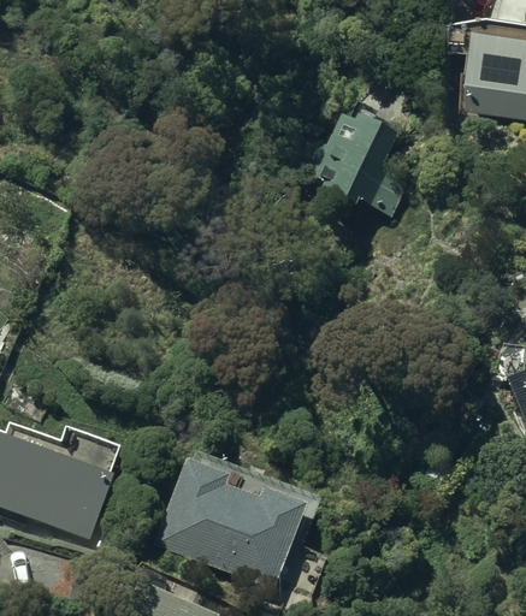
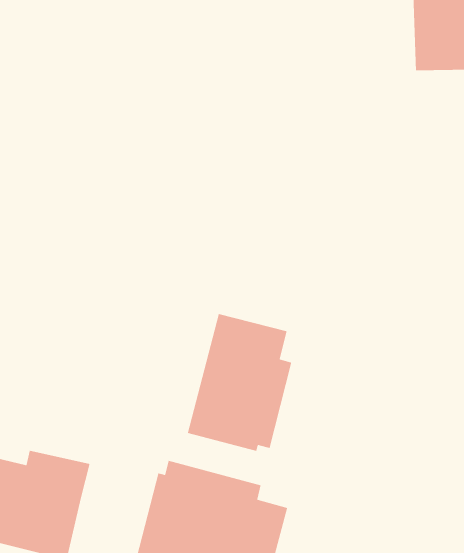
building: [303,125,403,214] -> none
building: none -> [187,313,292,452]

